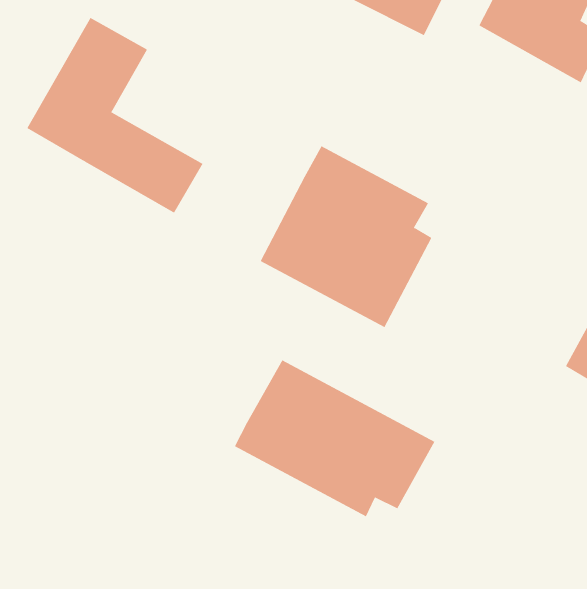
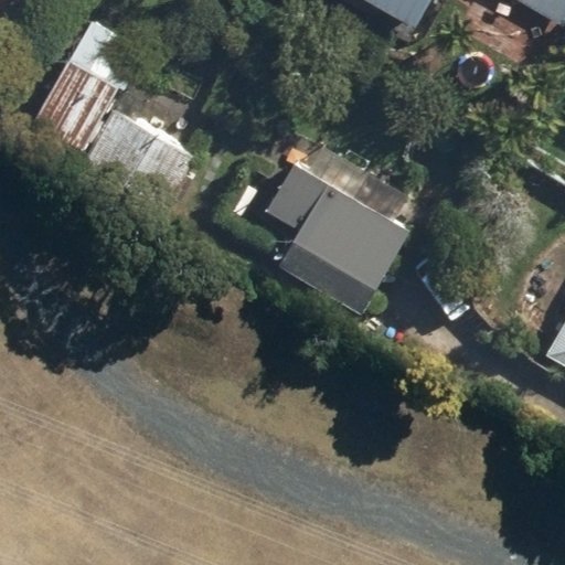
building: [234,360,435,517] -> none

